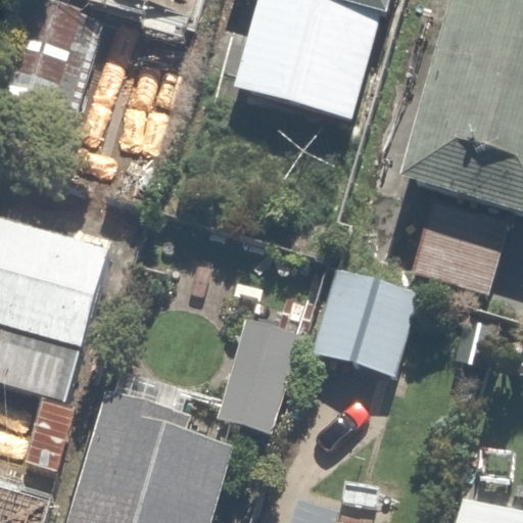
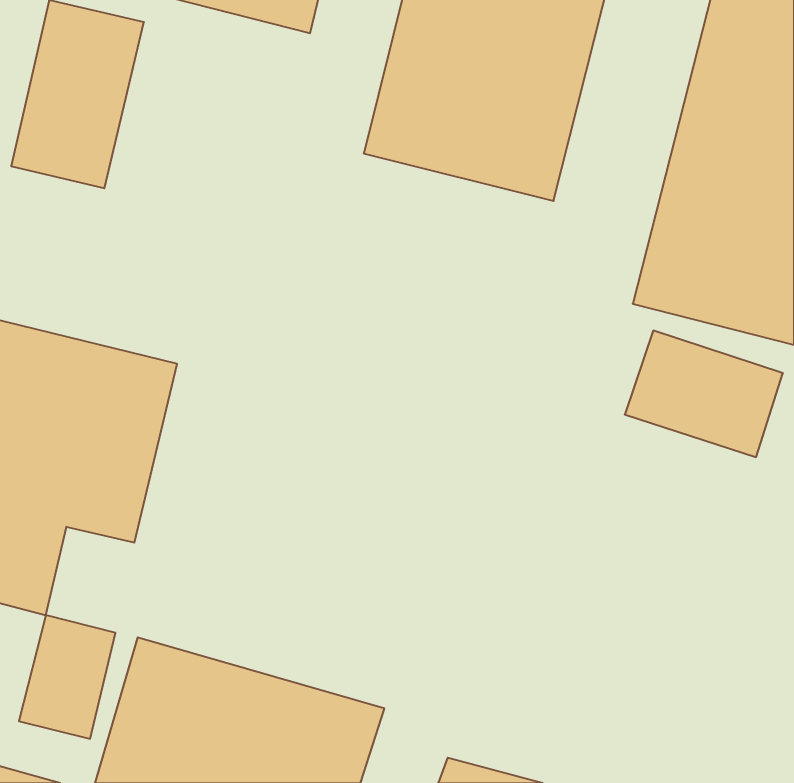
building: [315,270,420,385] -> none
building: [213,302,302,439] -> none

